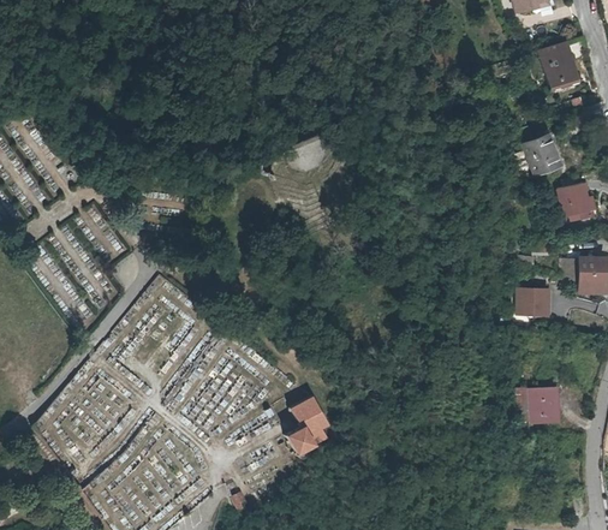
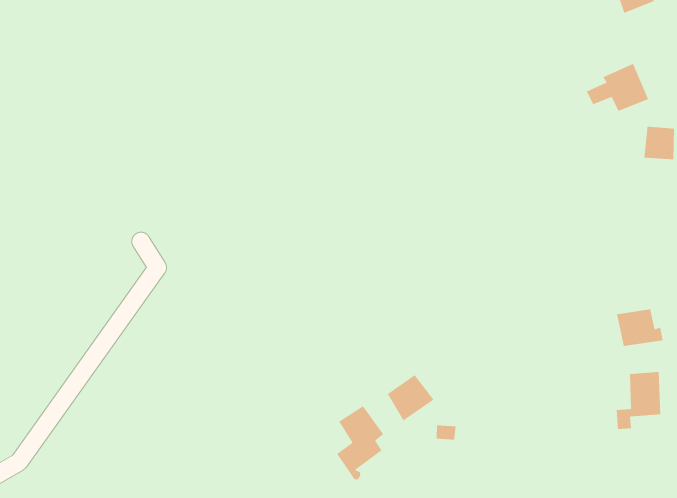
building: [525,286,562,316] -> [616,308,663,347]
building: none -> [387,374,434,421]

